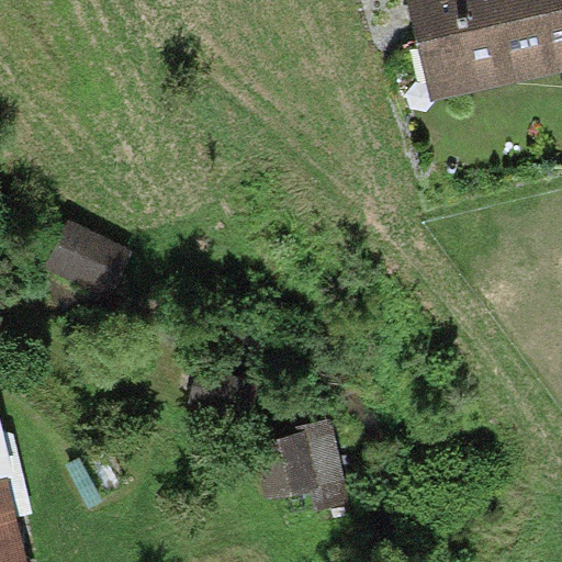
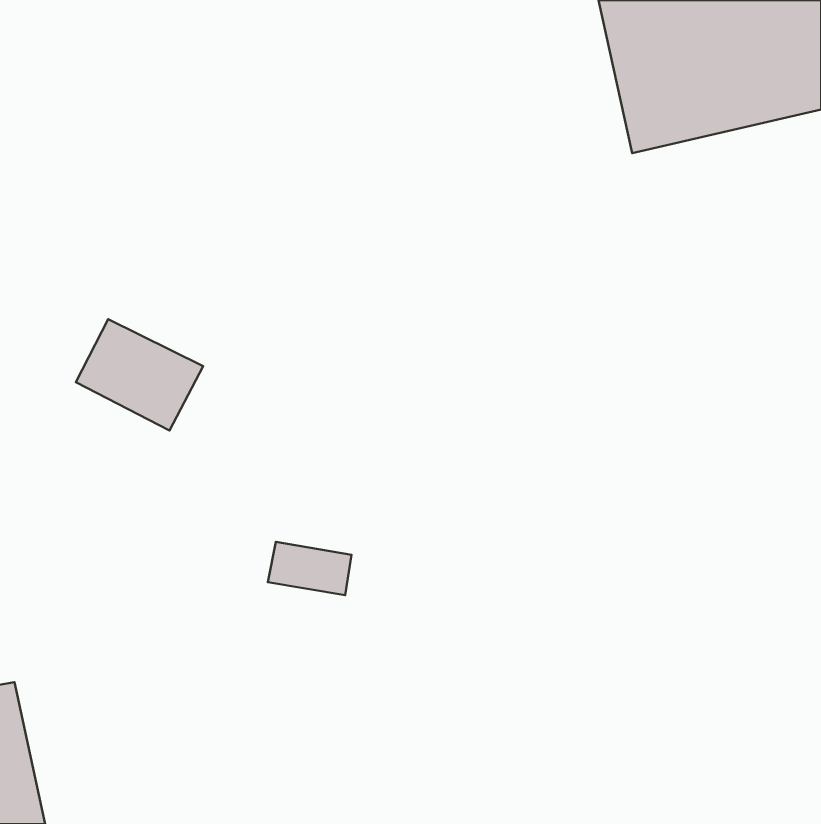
building: [251,417,331,491] -> none

